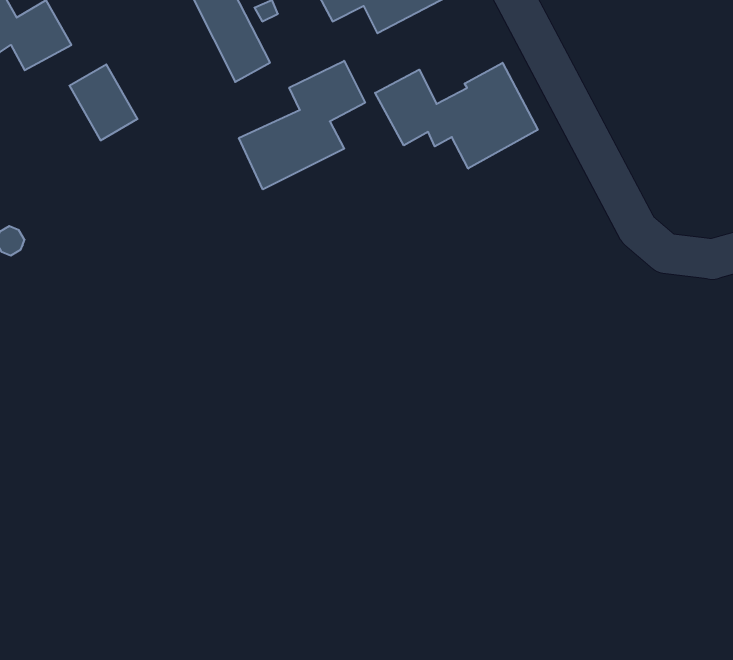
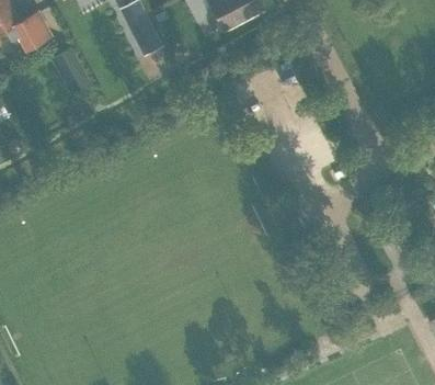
building: [239,61,365,189] -> none
building: [375,63,538,169] -> none

